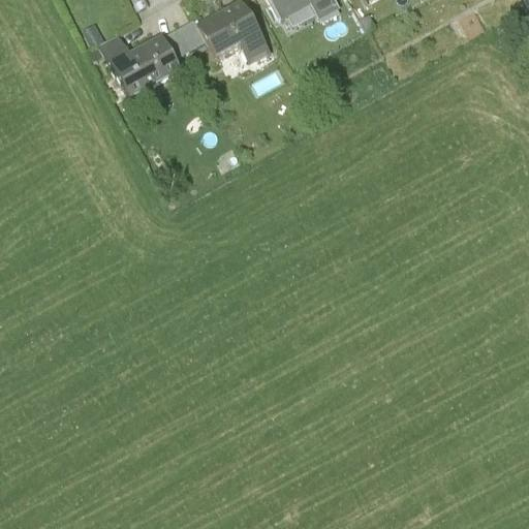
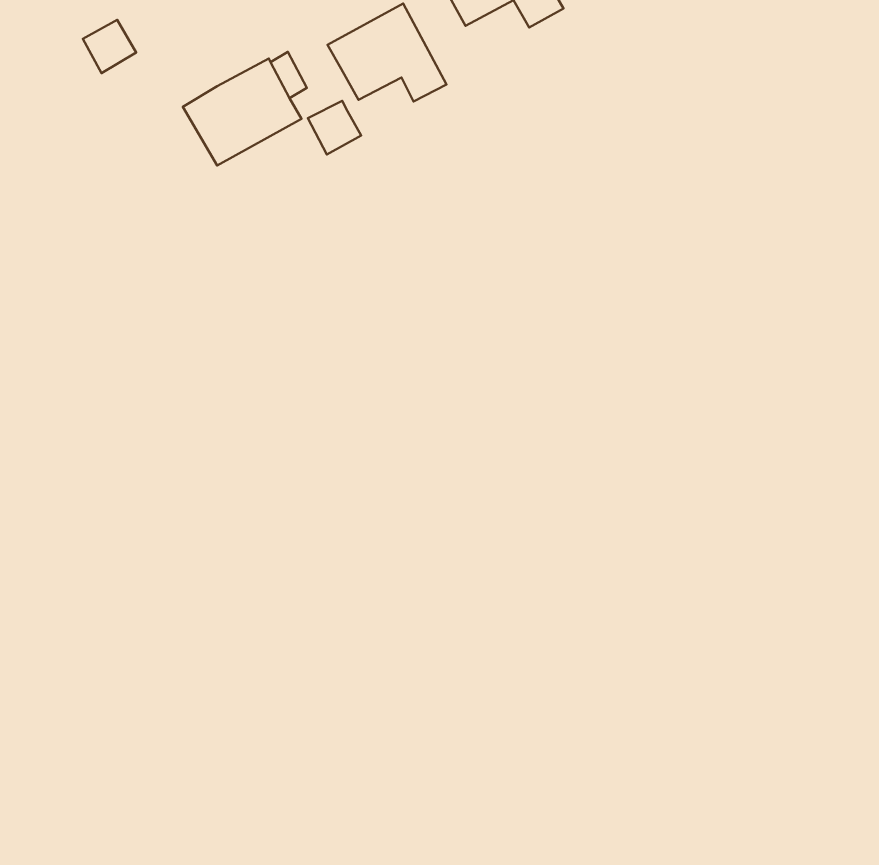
building: [174,21,206,53] -> [308,101,361,154]
building: [99,32,131,64] -> [83,20,136,73]

